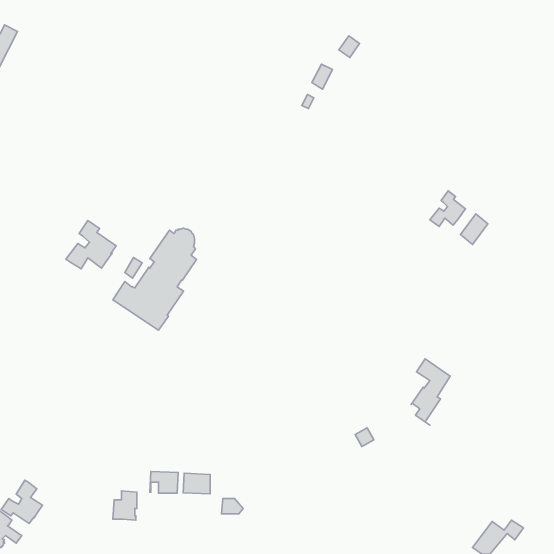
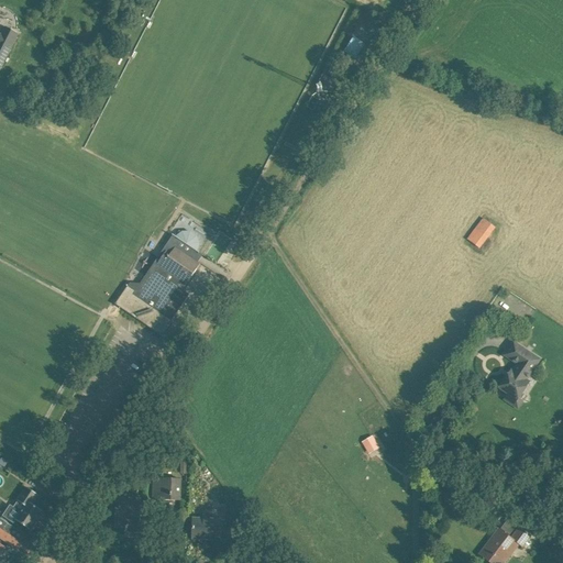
building: [430,191,465,226] -> none
building: [66,220,116,269] -> none
building: [411,359,450,425] -> [498,341,538,408]
building: [183,473,210,494] -> [191,518,219,539]

